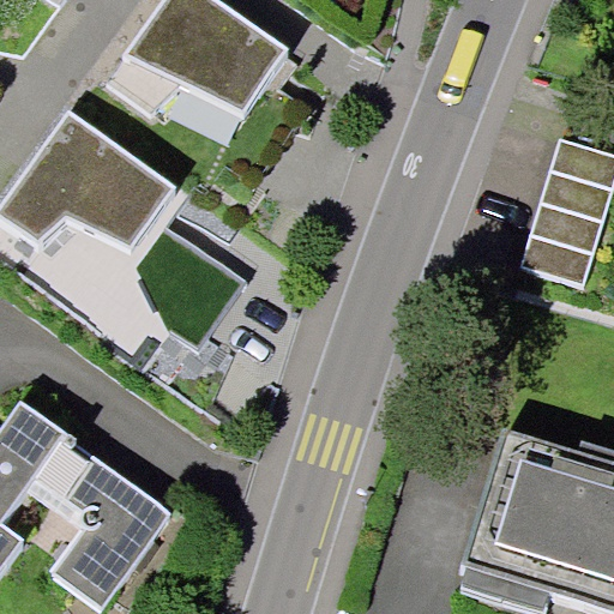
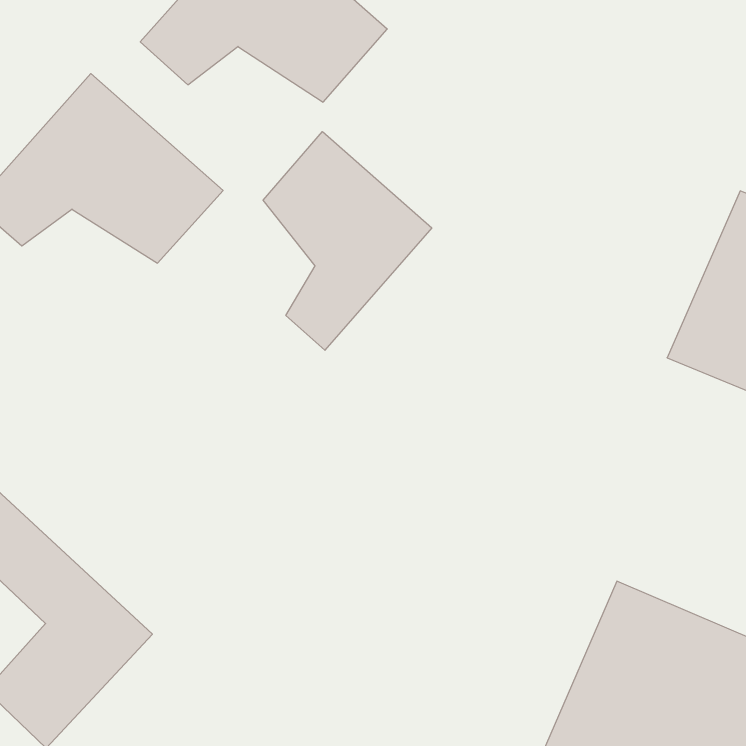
building: none -> [263,132,432,350]

